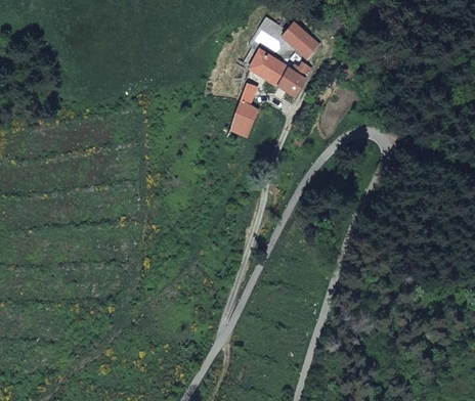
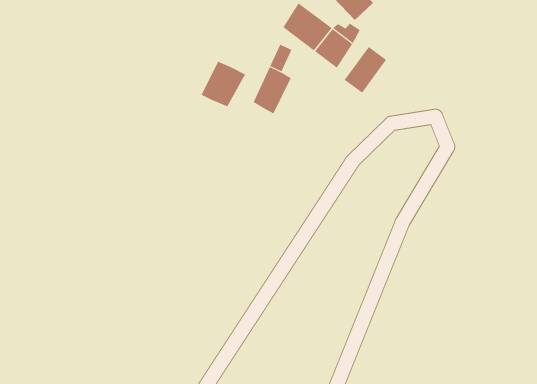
building: none -> [344,46,387,93]
building: none -> [201,61,246,107]

